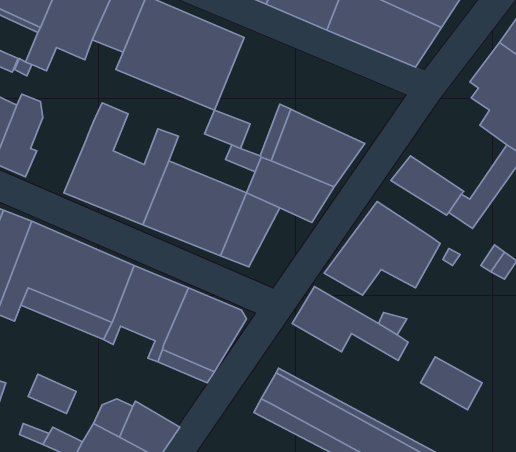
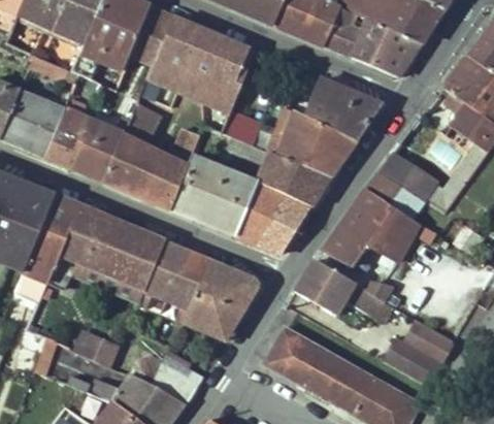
building: none -> [304,77,380,139]
building: none -> [72,118,129,181]
building: none -> [366,170,424,218]
building: none -> [259,193,311,252]
building: none -> [383,335,441,384]

